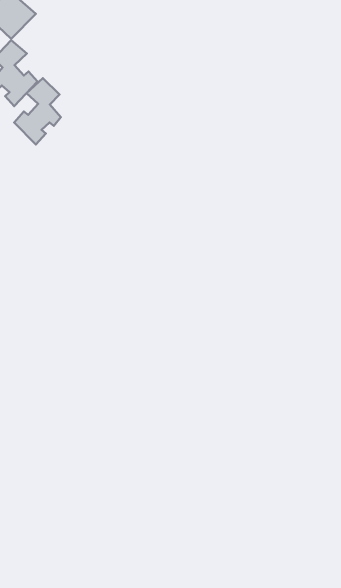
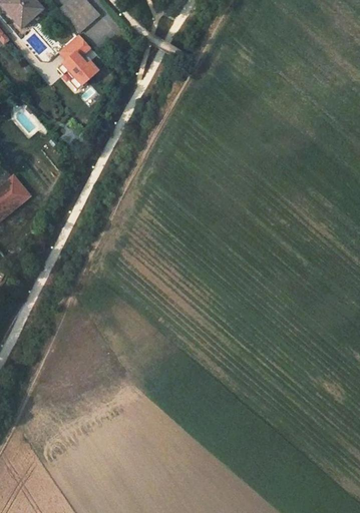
building: [14,78,61,145] -> none

